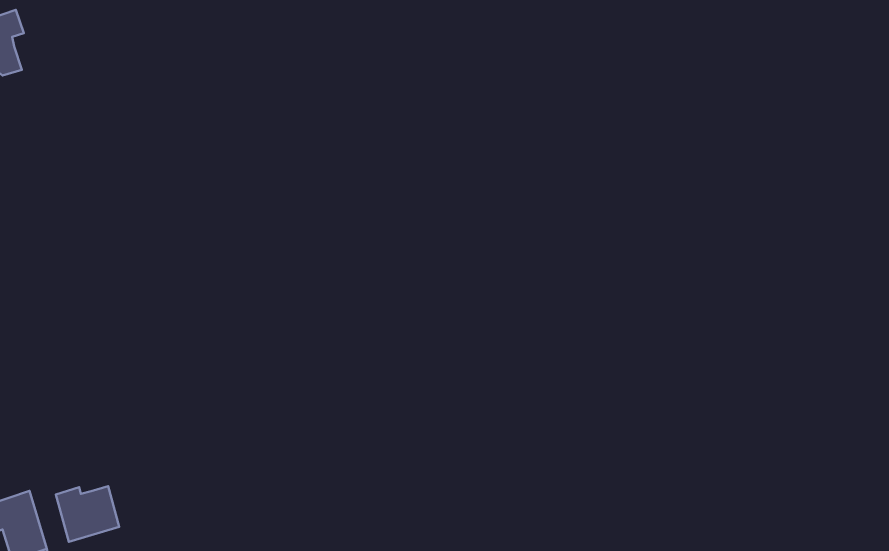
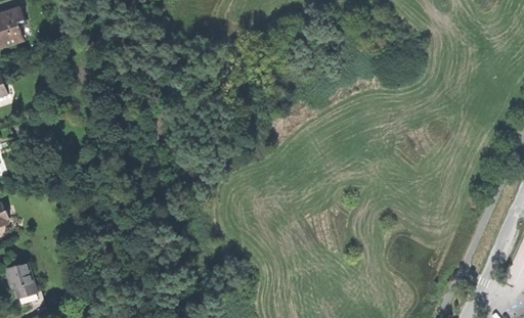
building: [56,486,119,542] -> none

